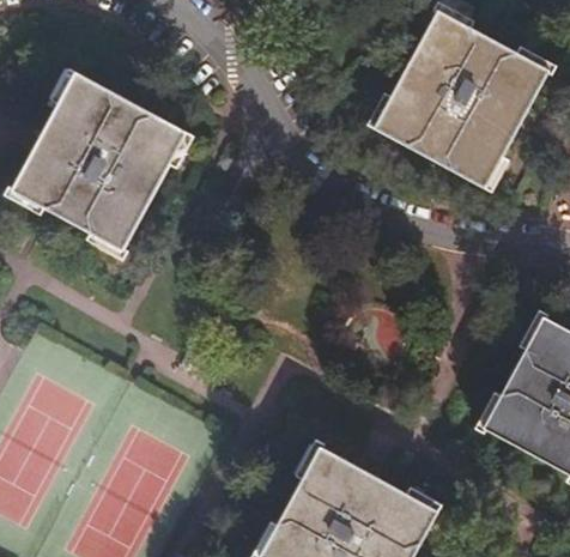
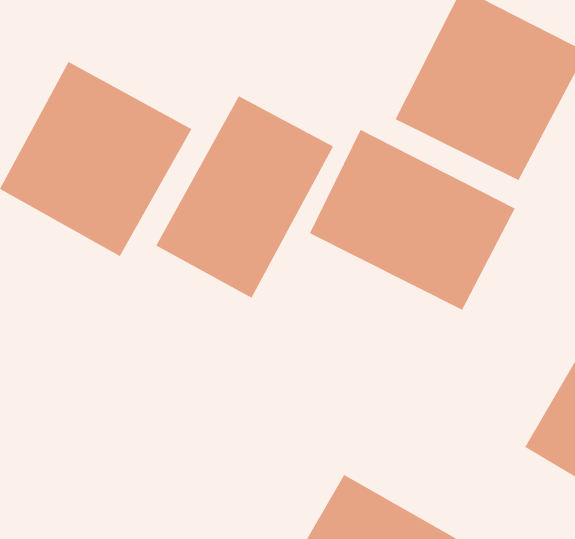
building: none -> [155,95,334,299]
building: none -> [309,129,516,311]

